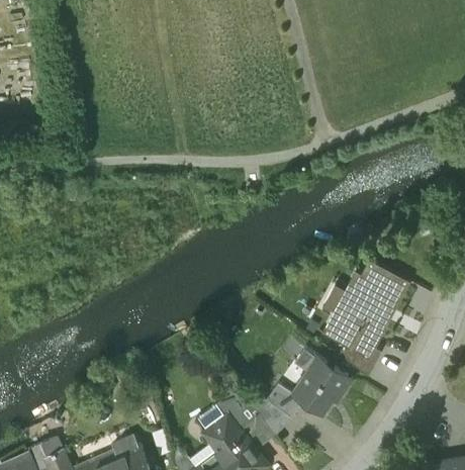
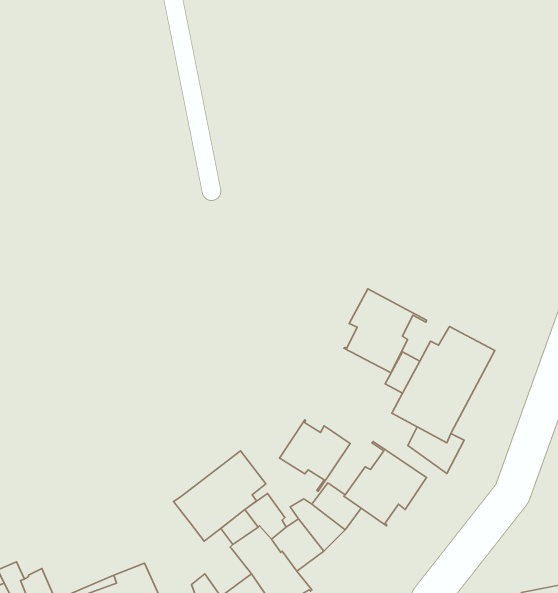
building: none -> [344,289,427,373]
building: none -> [280,420,350,491]
building: none -> [173,451,266,541]

